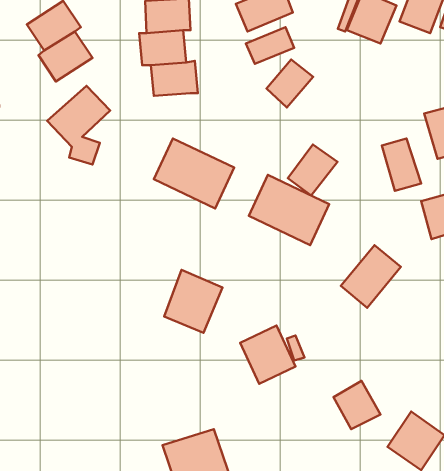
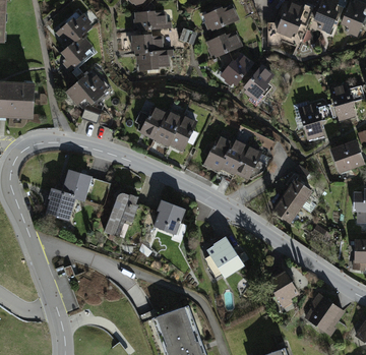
building: [288,144,338,196] -> [241,66,276,102]
building: none -> [44,172,92,222]
building: none -> [104,193,139,241]

